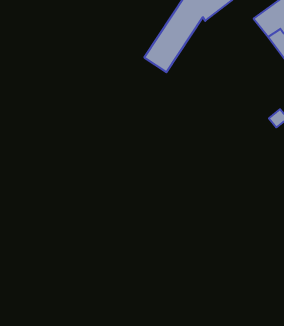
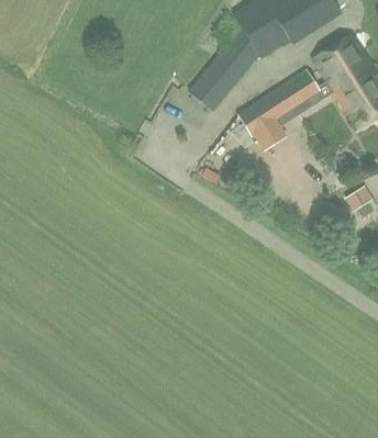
building: none -> [240,72,321,138]

